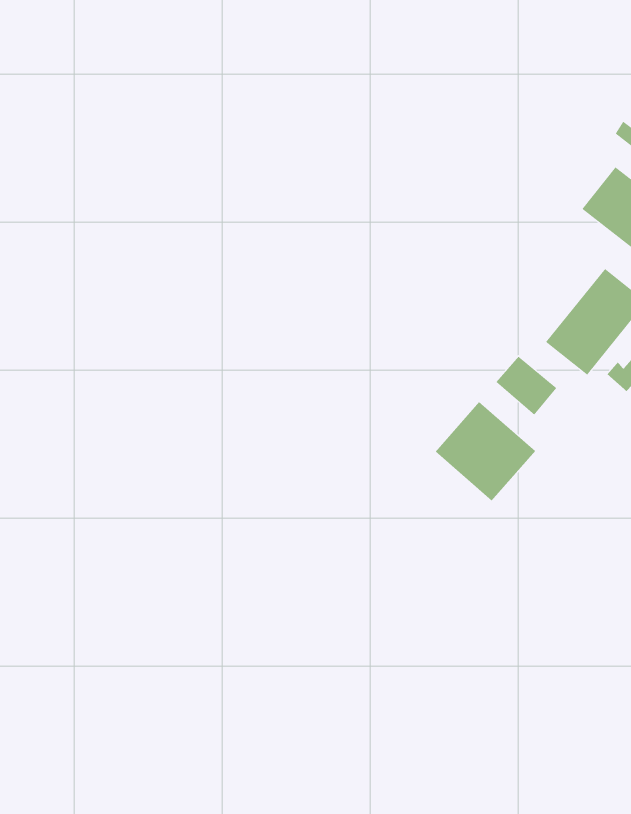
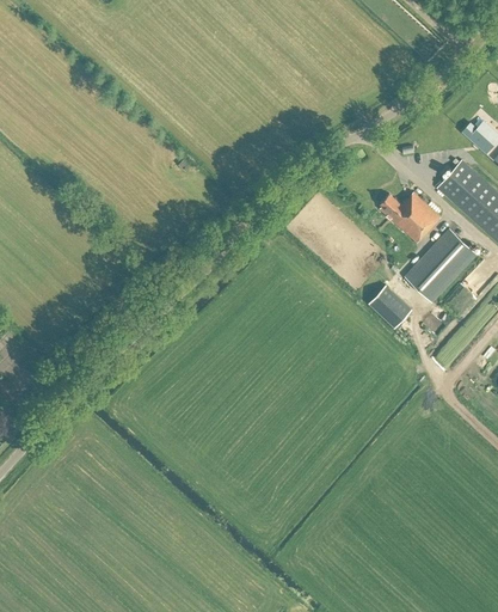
building: none -> [379,191,441,243]
building: [435,401,536,501] -> none

